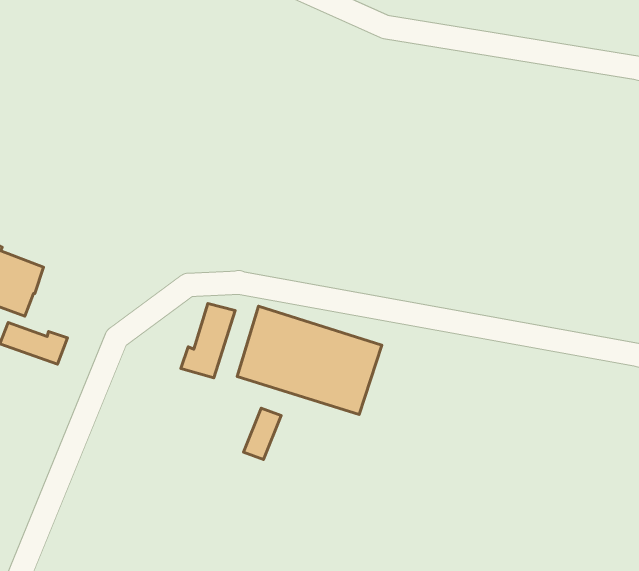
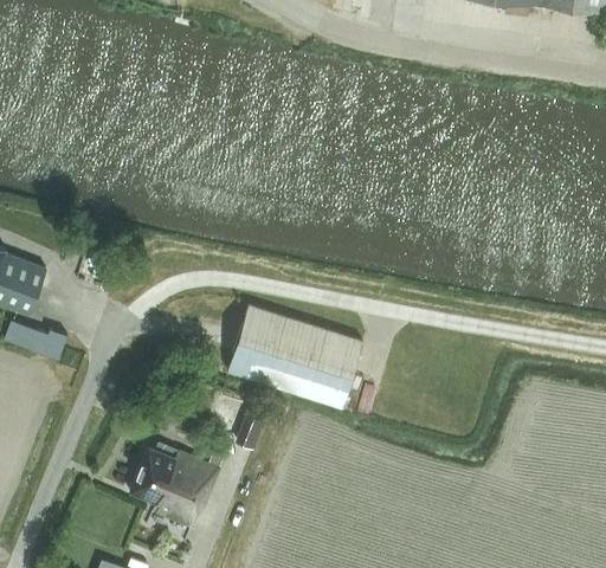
building: [181,303,235,378] -> none
building: none -> [128,443,221,529]

